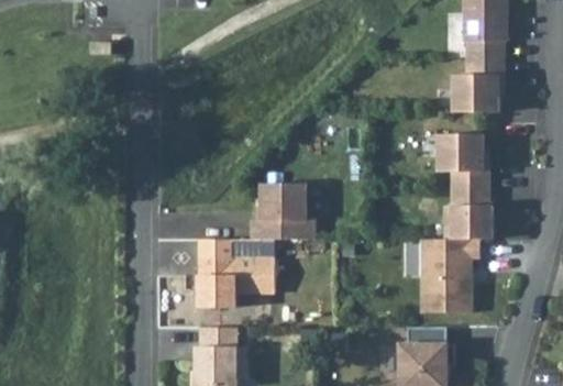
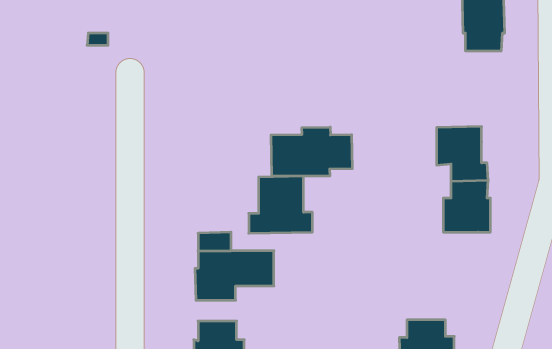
building: [453,57,504,111] -> none
building: none -> [271,127,352,176]
building: [421,239,479,312] -> none

